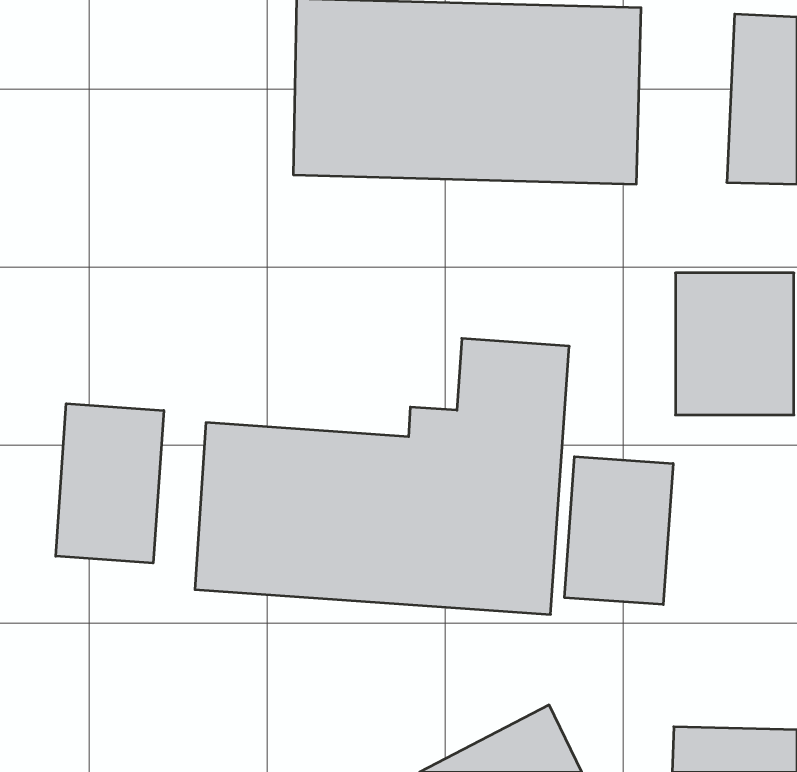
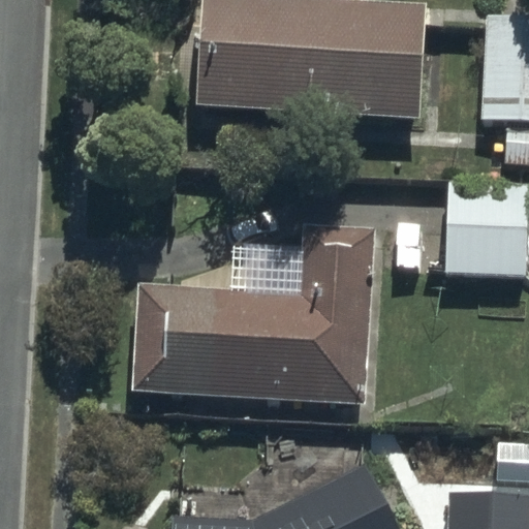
building: [56,404,164,563] -> none
building: [565,457,673,605] -> none

